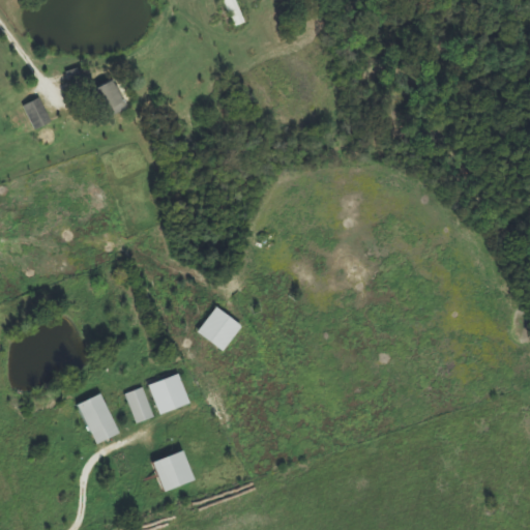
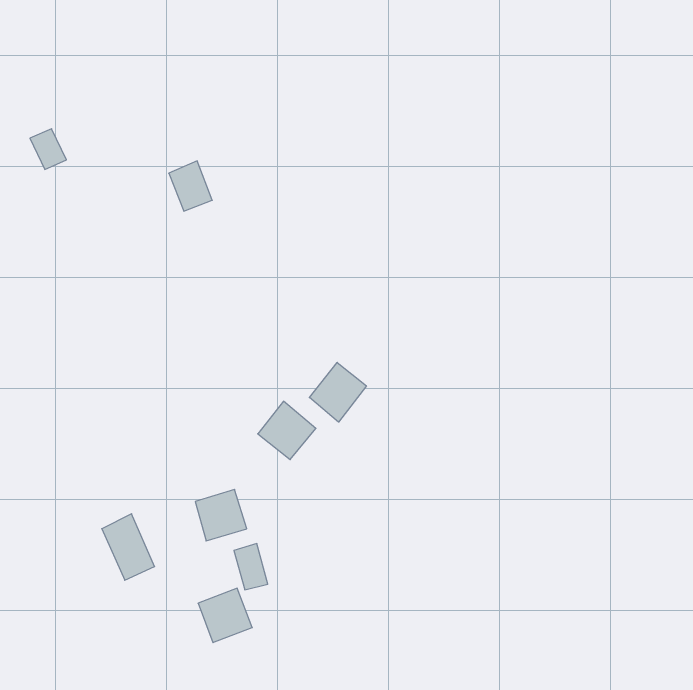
building: [91,81,124,119] -> [169,161,212,211]
building: none -> [309,362,366,422]
building: [126,387,152,422] -> [234,544,268,590]

